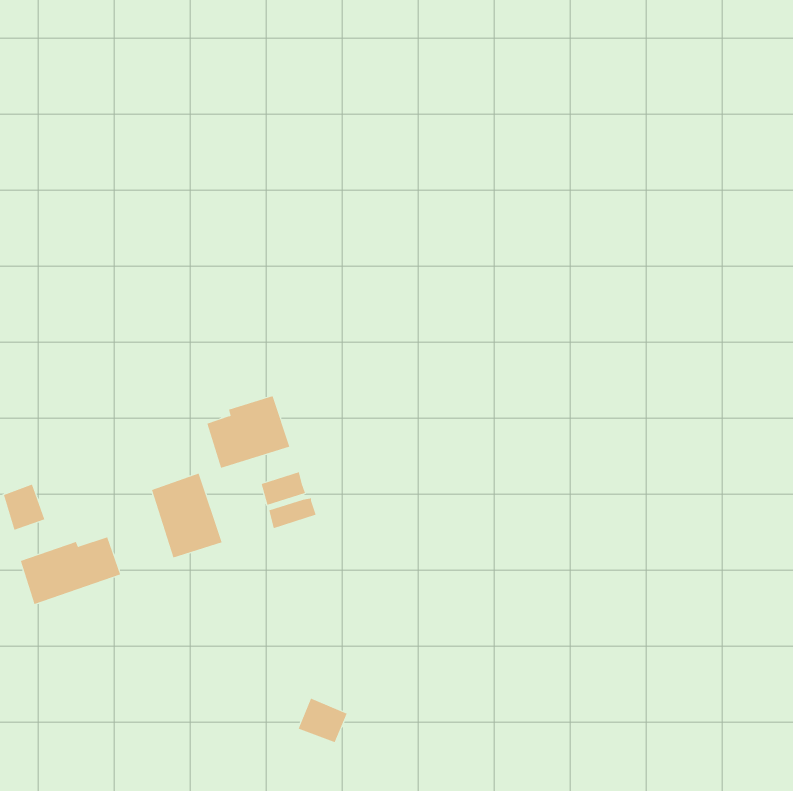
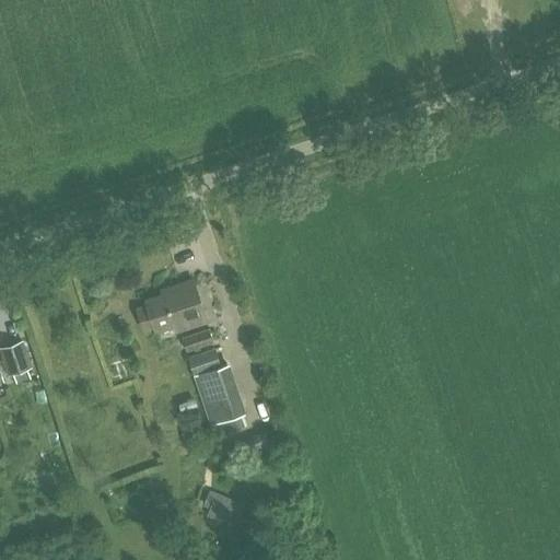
building: [151,473,222,558] -> [194,365,244,425]
building: [20,537,121,605] -> none

